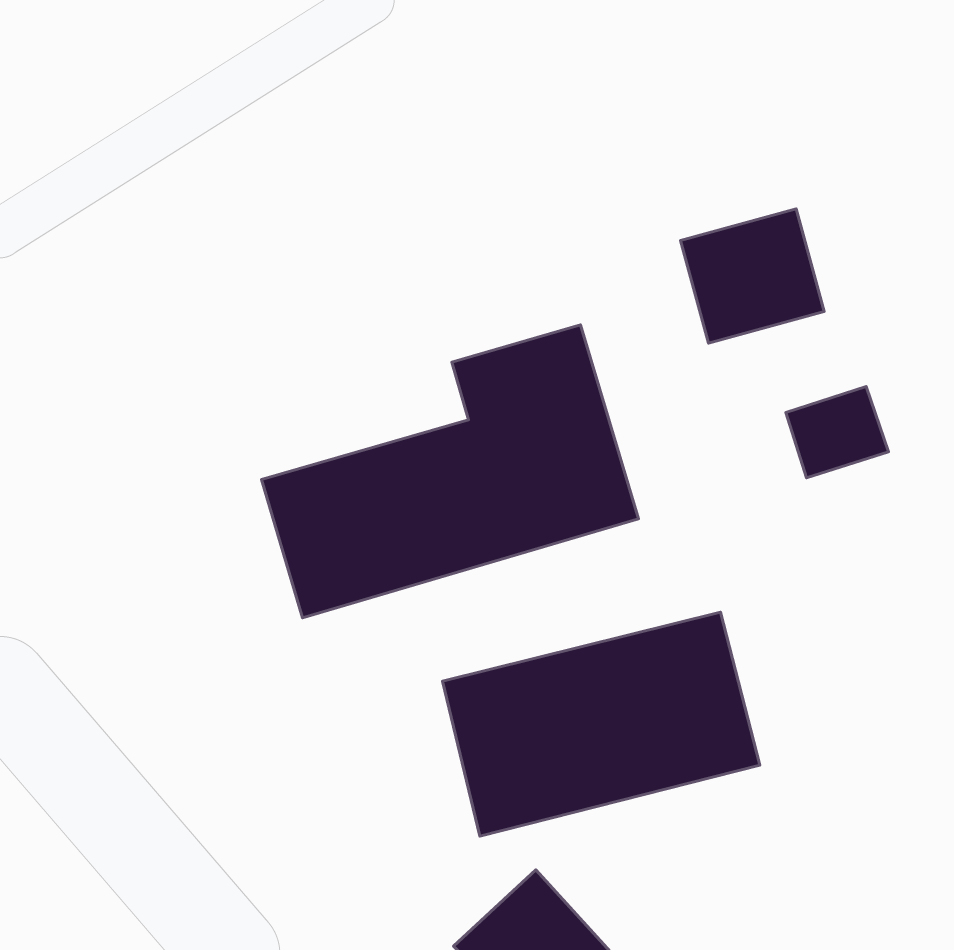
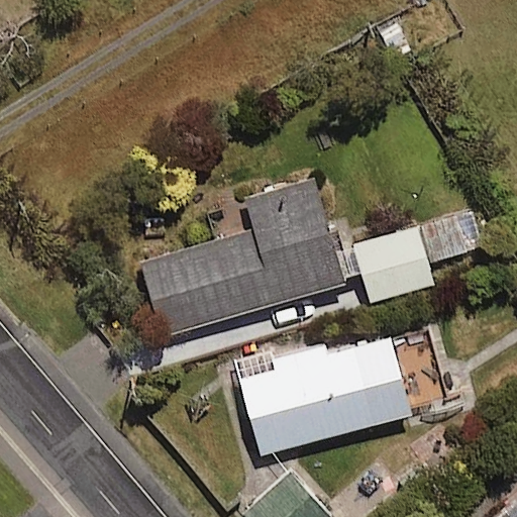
building: [681,209,824,343] -> [354,228,432,301]

